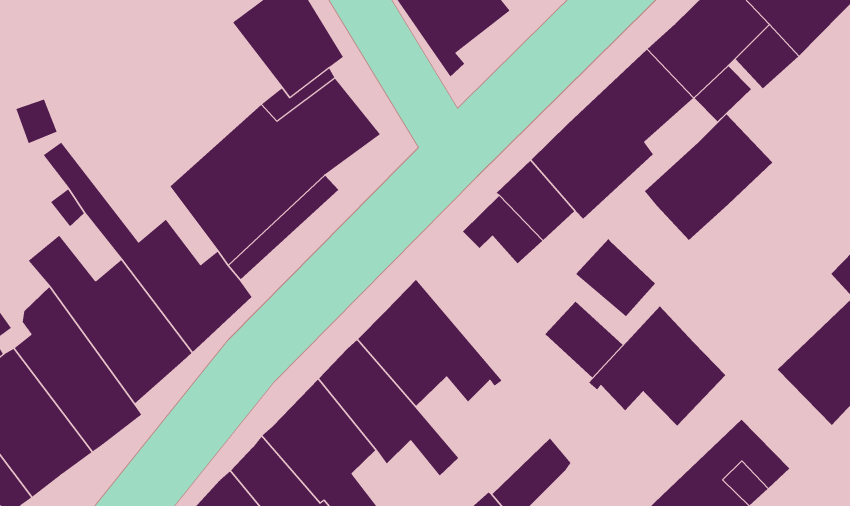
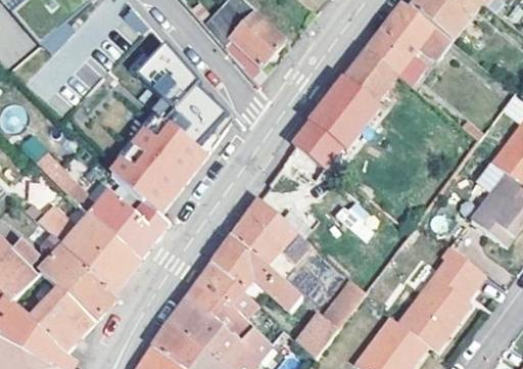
building: [644,113,773,241] -> none
building: [575,238,656,317] -> none
building: [588,306,726,427] -> none

